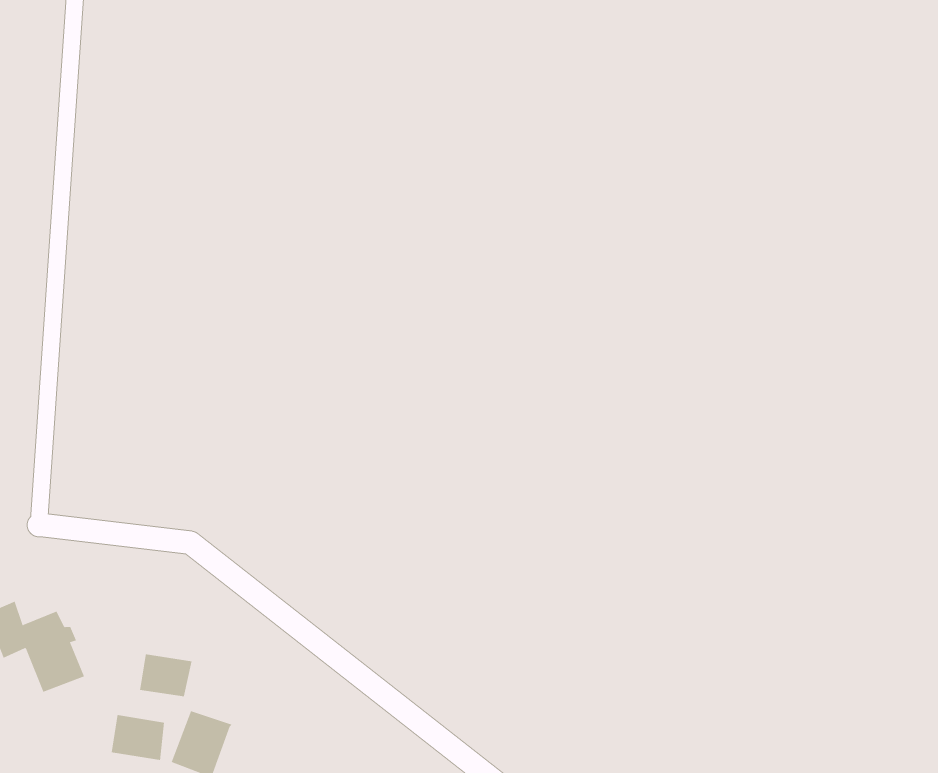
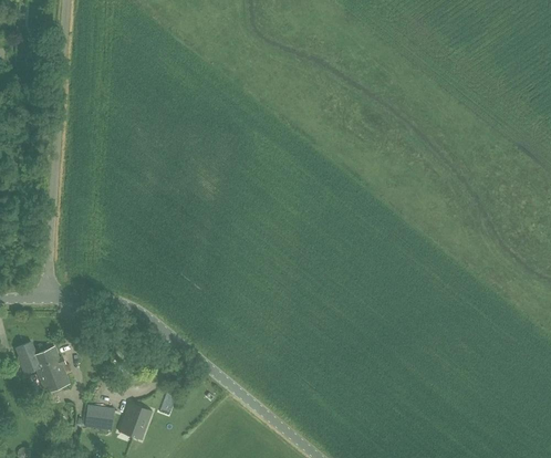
building: [140,653,192,697] -> none

